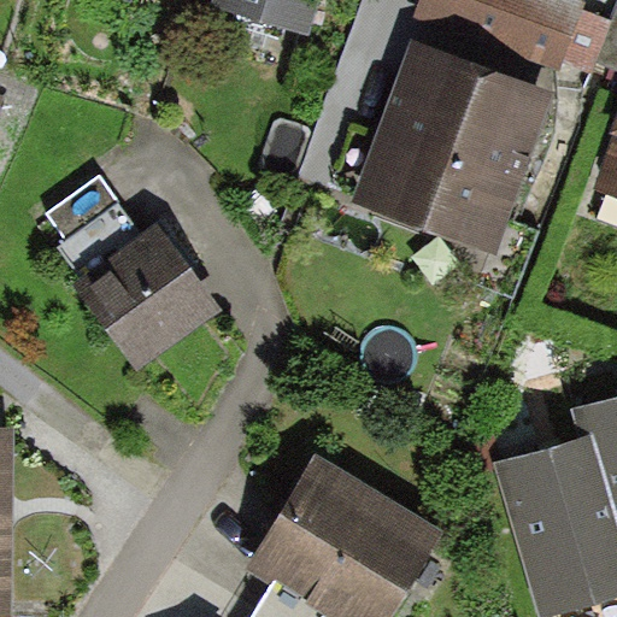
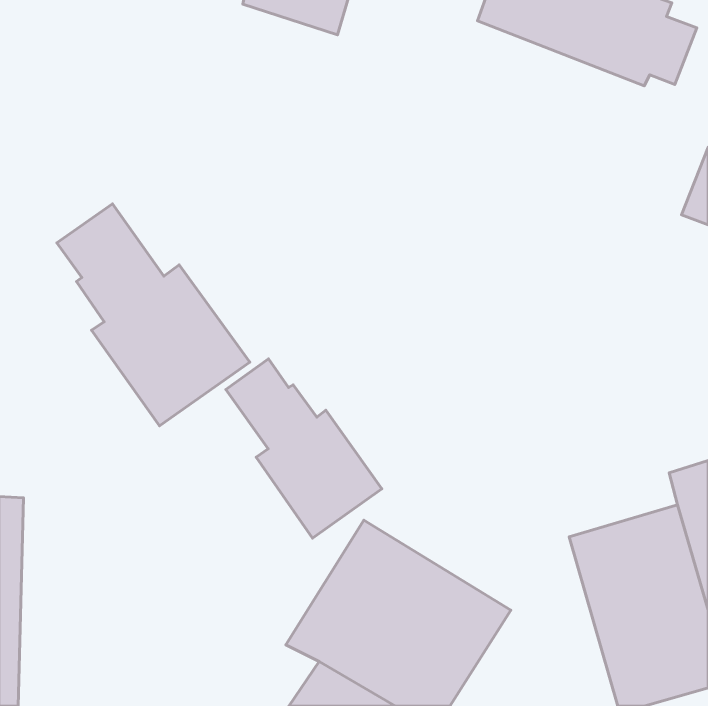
building: [352,41,557,257] -> none
building: none -> [226,359,382,538]

